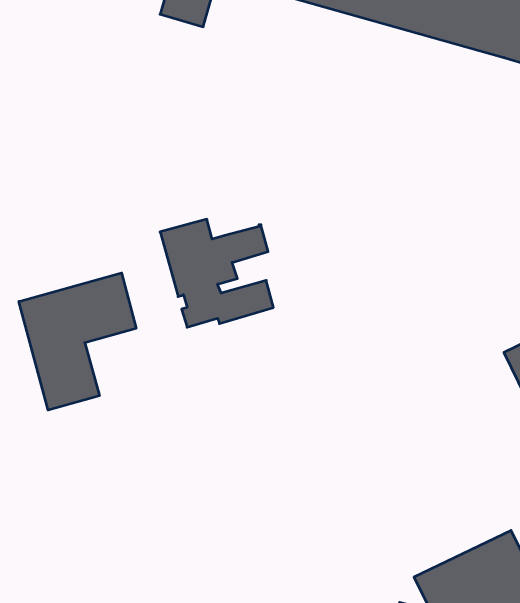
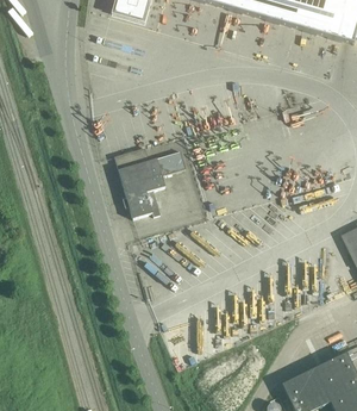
building: [19,273,136,410] -> none

